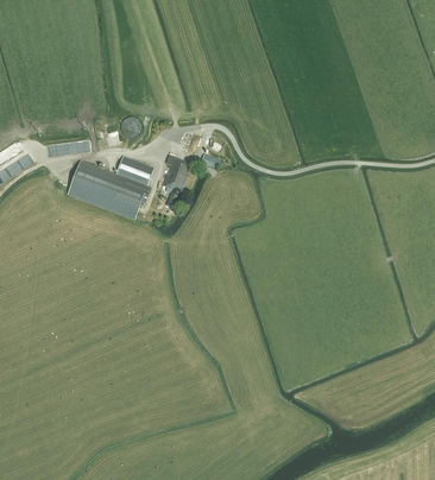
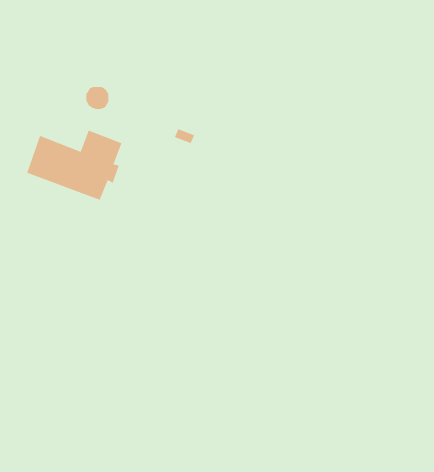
building: [162,156,191,208] -> none

